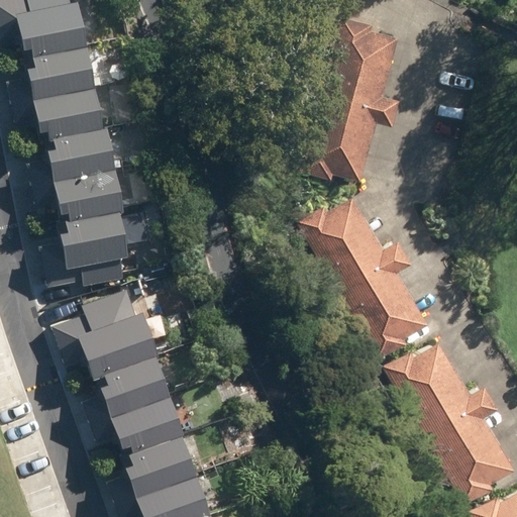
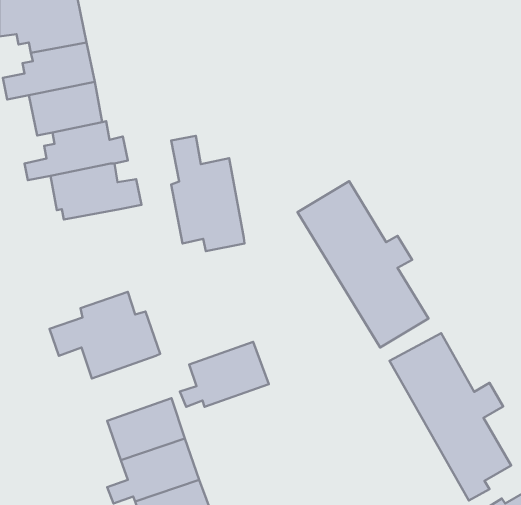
building: [307,21,395,174] -> none
building: none -> [171,136,244,251]
building: [43,218,132,279] -> none
building: [87,361,174,425] -> [180,342,269,407]

